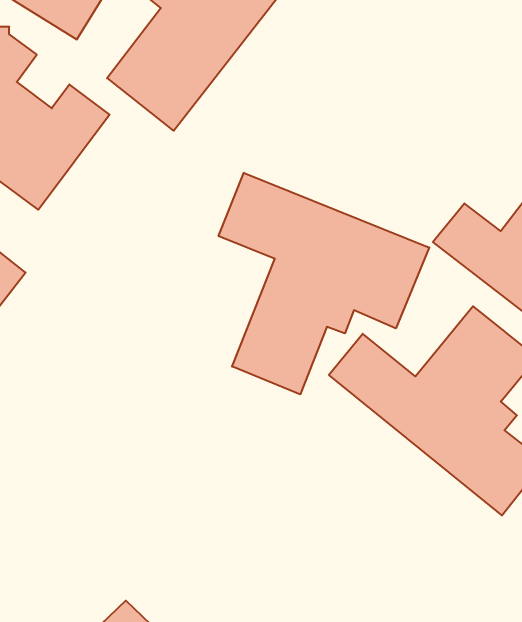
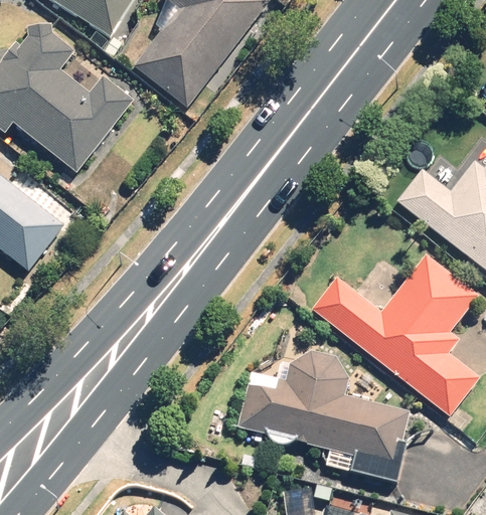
building: [219,173,429,394] -> none
building: none -> [236,348,409,484]

